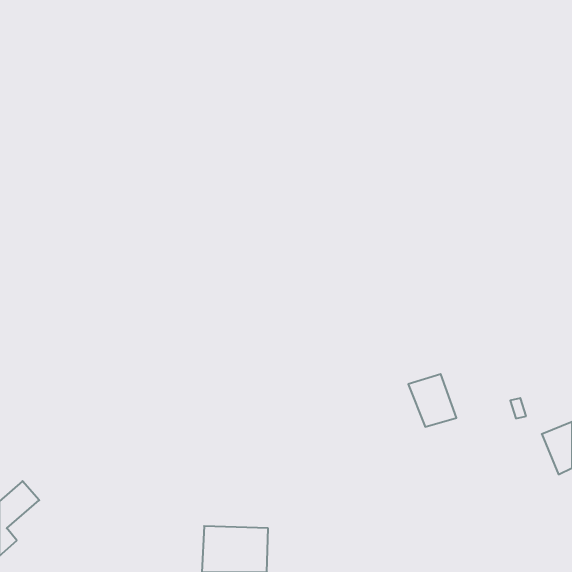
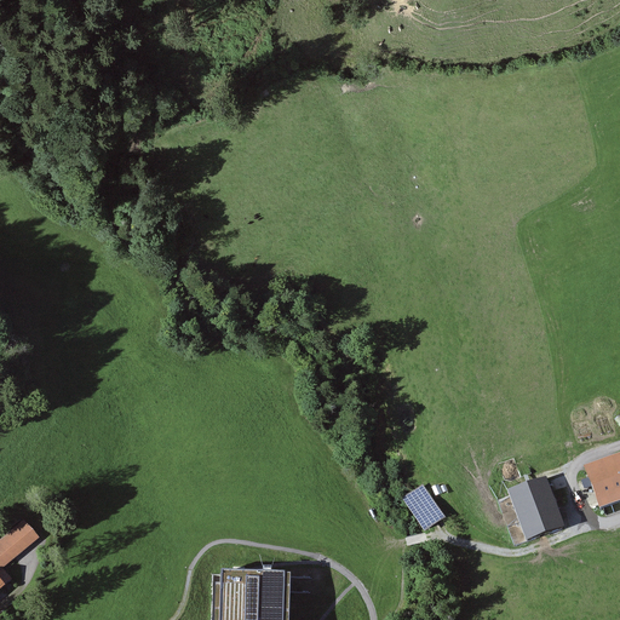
building: [408,374,456,427] -> [509,478,561,535]
building: none -> [402,484,442,528]

